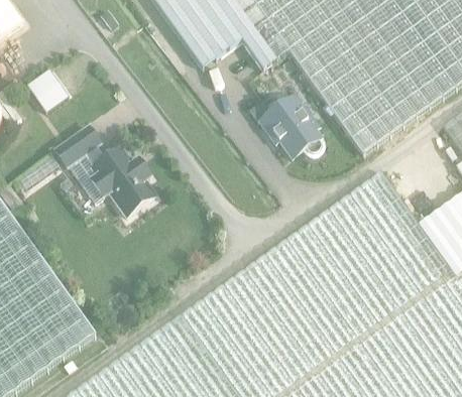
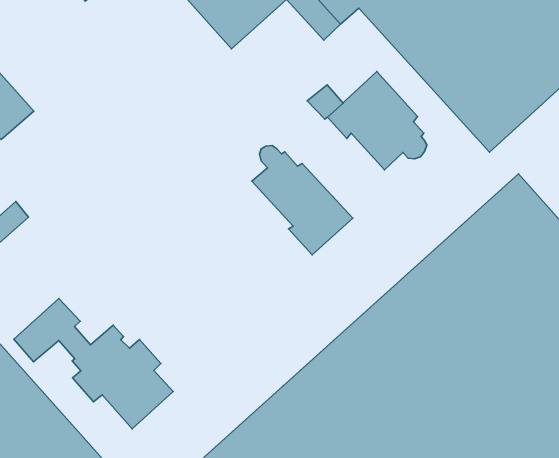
building: [56,127,156,217] -> [14,299,173,429]
building: none -> [252,146,353,255]

